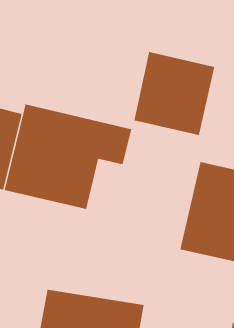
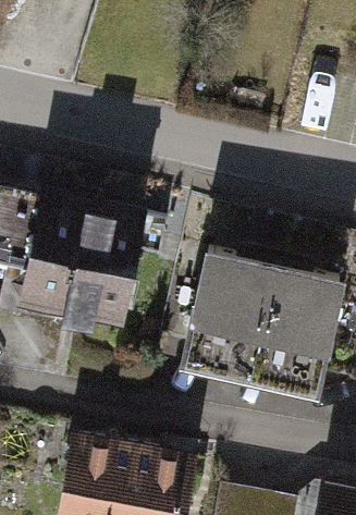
building: [134,51,215,136] -> none
building: none -> [177,249,277,383]

